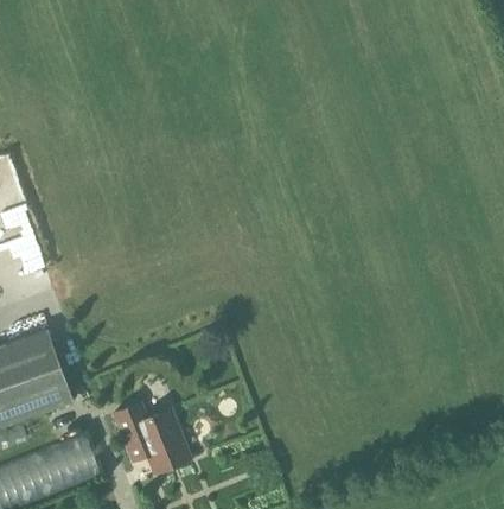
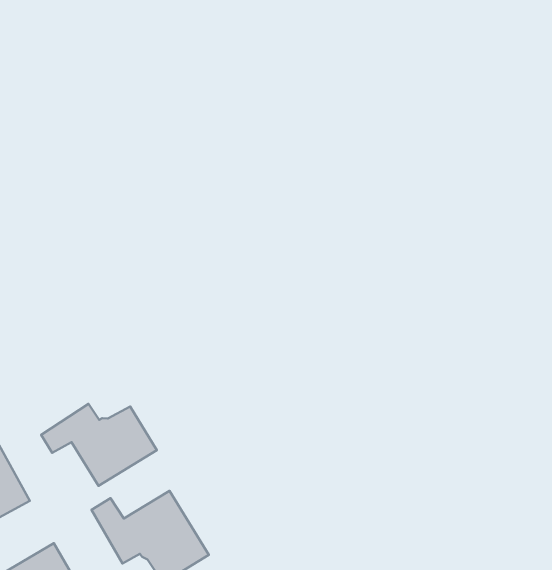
building: none -> [41,404,157,486]

